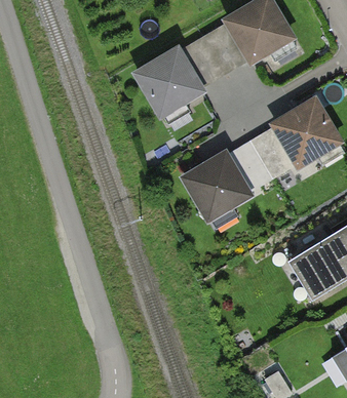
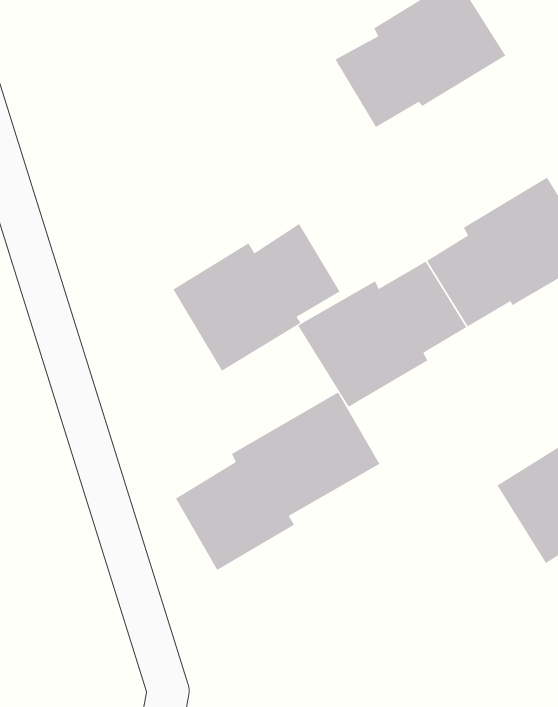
building: [134,38,223,116] -> [173,223,341,372]
building: none -> [175,392,380,571]

